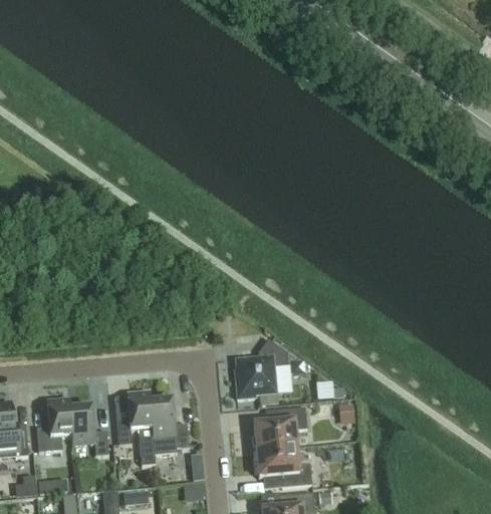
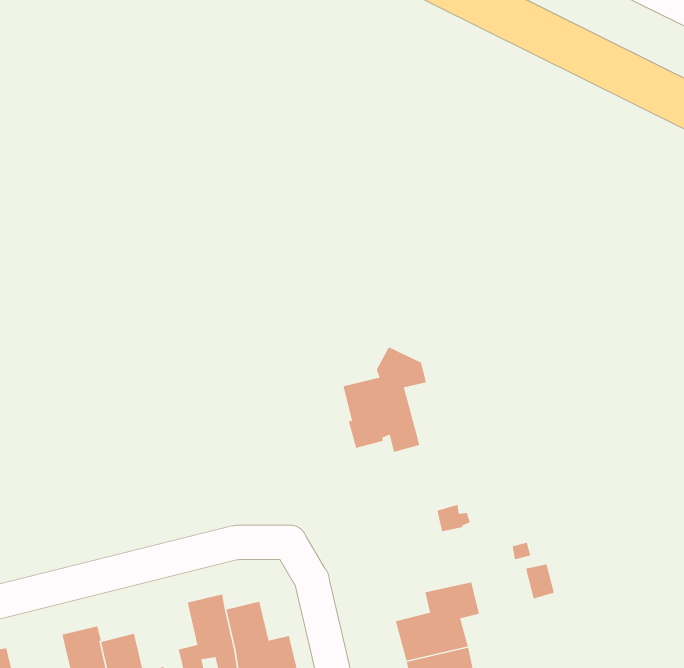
building: [235,338,287,405] -> [343,346,427,453]

